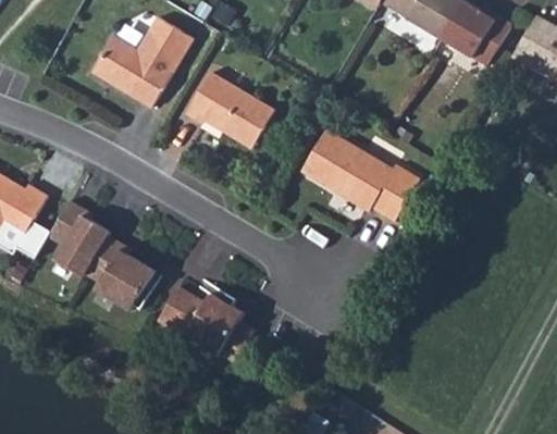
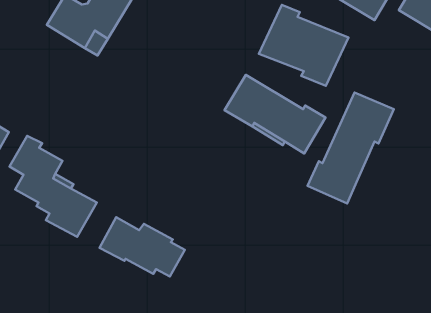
building: none -> [259,5,348,86]
building: [186,70,276,147] -> none
building: none -> [307,92,394,204]

